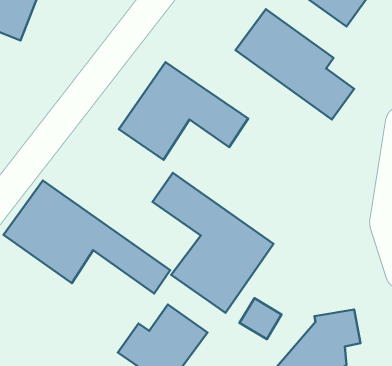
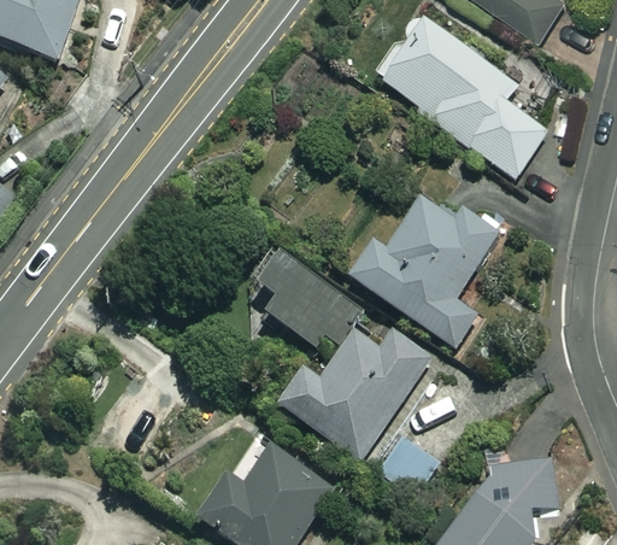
building: [119,62,248,160] -> none
building: none -> [349,188,509,356]
building: [3,180,170,293] -> none

